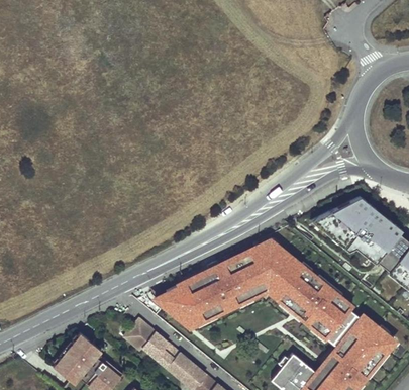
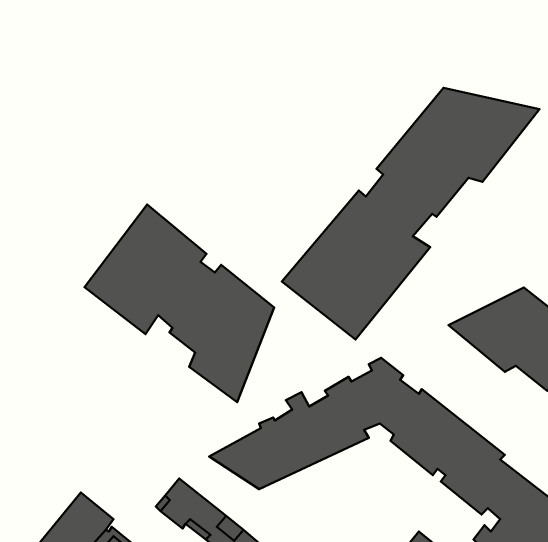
building: none -> [282,88,540,340]
building: none -> [84,205,274,402]

